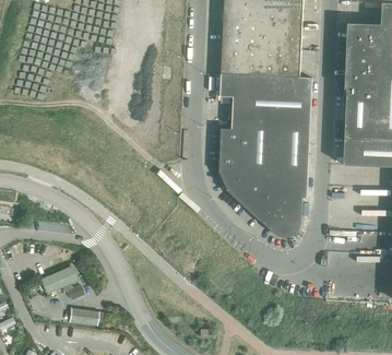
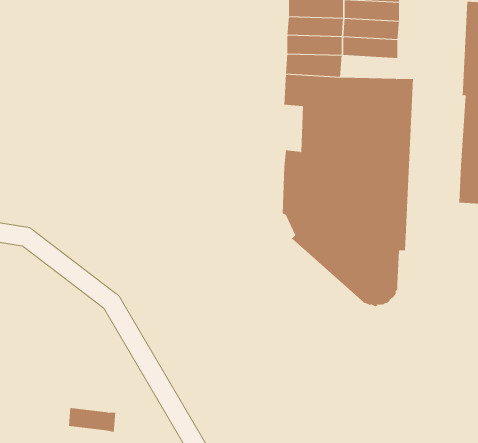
building: [261,61,301,78] -> none
building: [39,267,82,300] -> none

